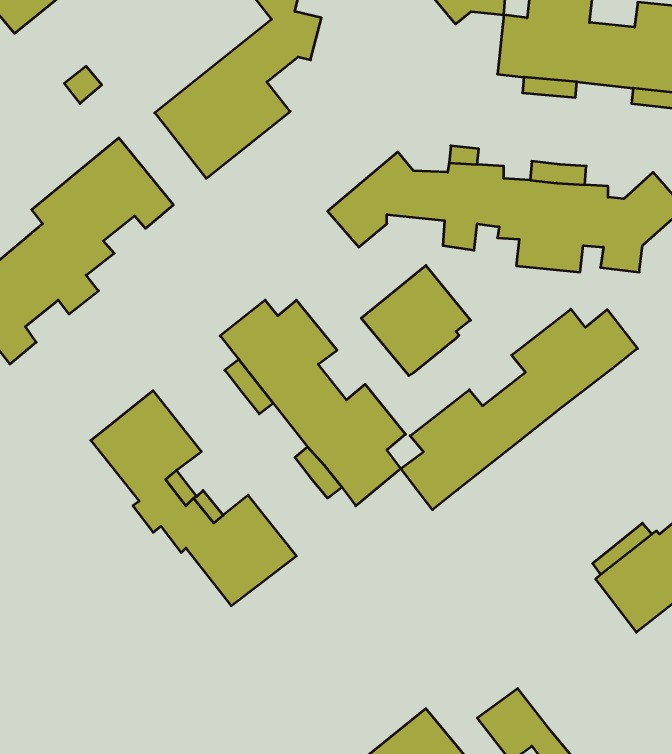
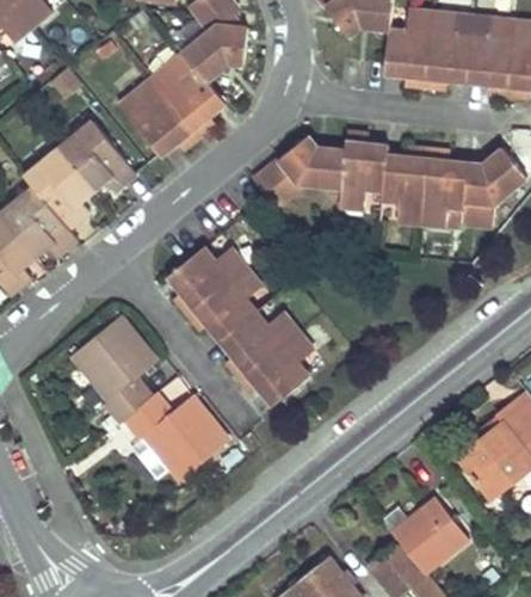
building: [361,265,471,376] -> none
building: [401,309,638,510] -> none
building: none -> [390,498,468,576]

